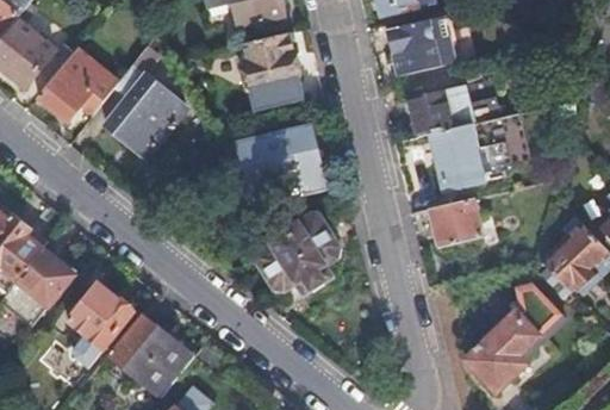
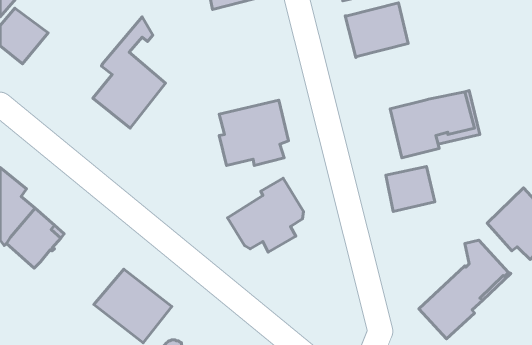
building: [242,30,303,108] -> none
building: [37,50,114,119] -> none
building: [409,86,474,138] -> none
building: [67,284,130,368] -> none

